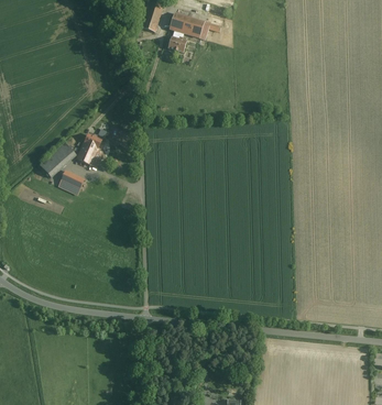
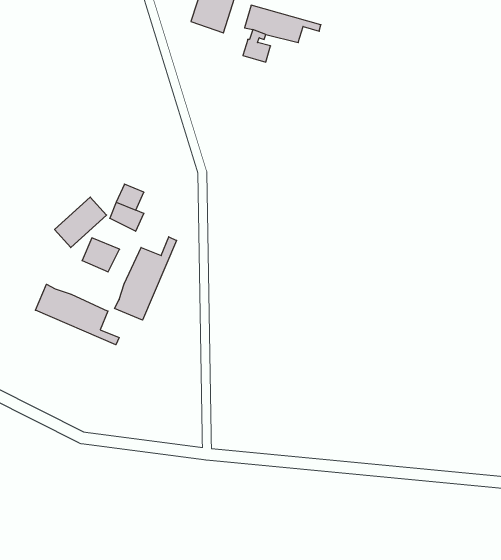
building: none -> [115,237,177,320]
building: none -> [35,284,119,345]

